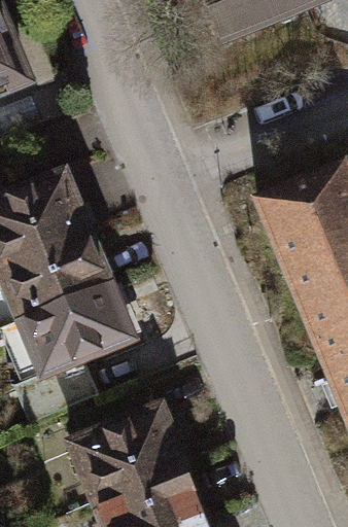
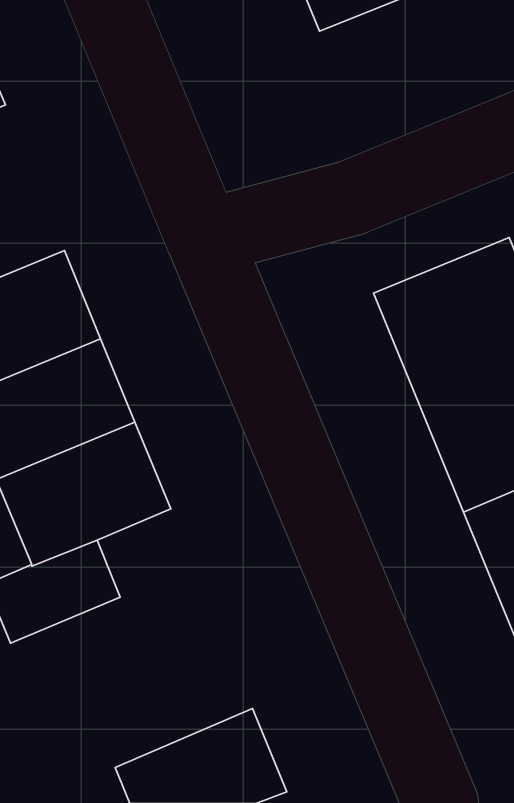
building: [72,405,182,496] -> none

